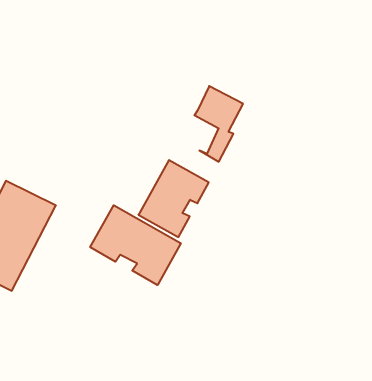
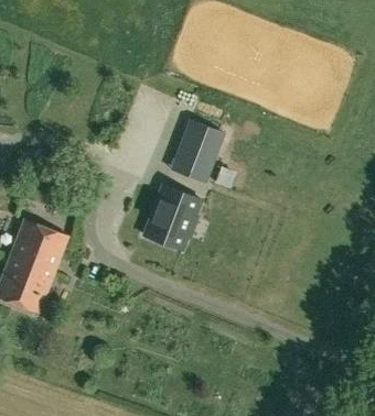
building: [90,205,181,285] -> none

